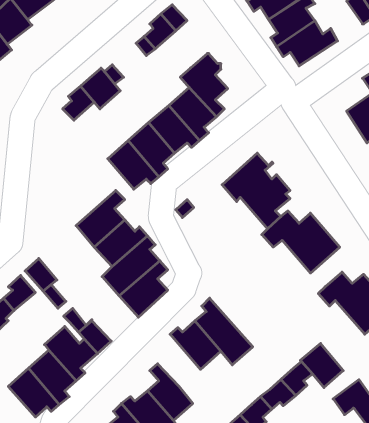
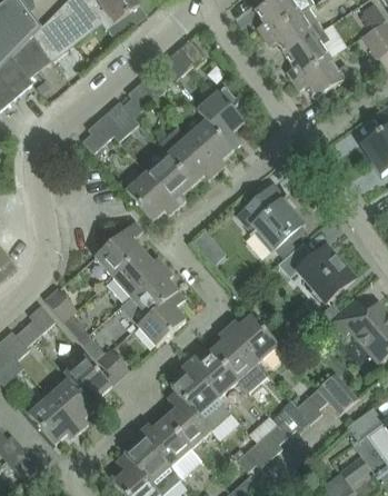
building: none -> [227,315,279,363]
building: none -> [171,363,232,430]

